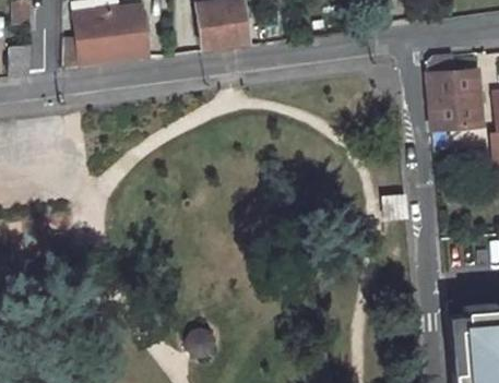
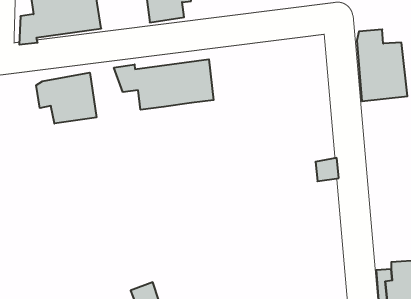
building: none -> [114,59,214,110]
building: none -> [36,73,96,124]

